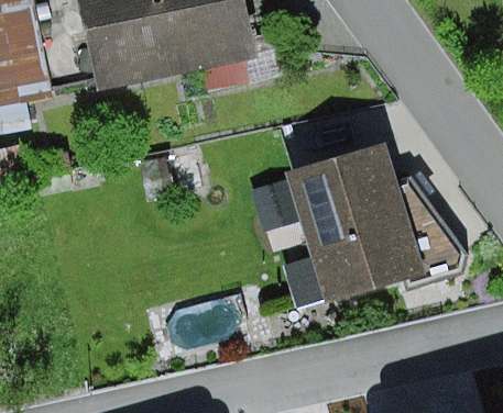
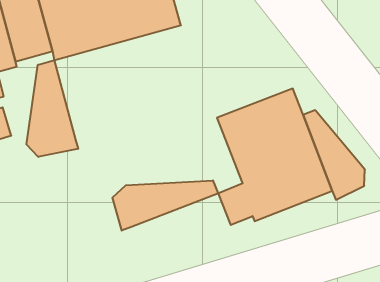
building: none -> [26,60,78,157]
building: none -> [112,180,218,231]

